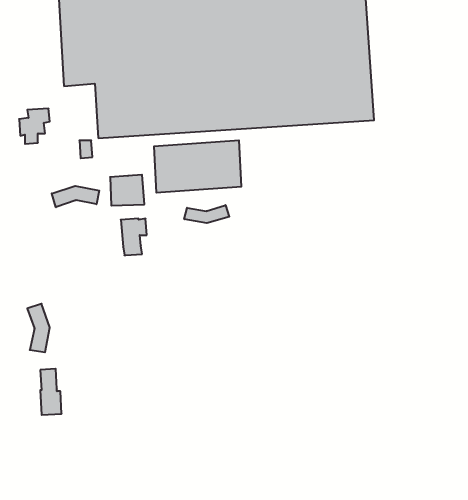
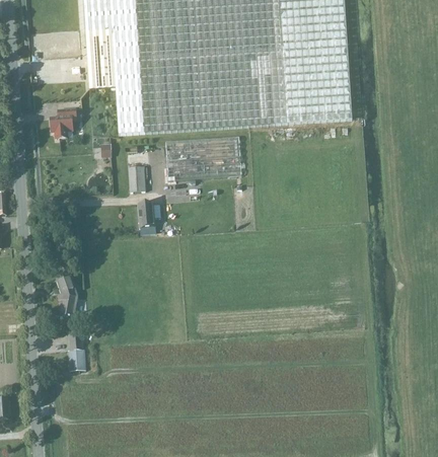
building: [52,186,99,207] -> none
building: [184,205,229,223] -> none

